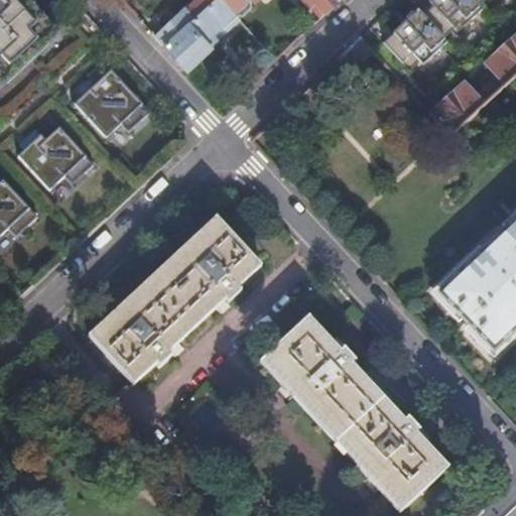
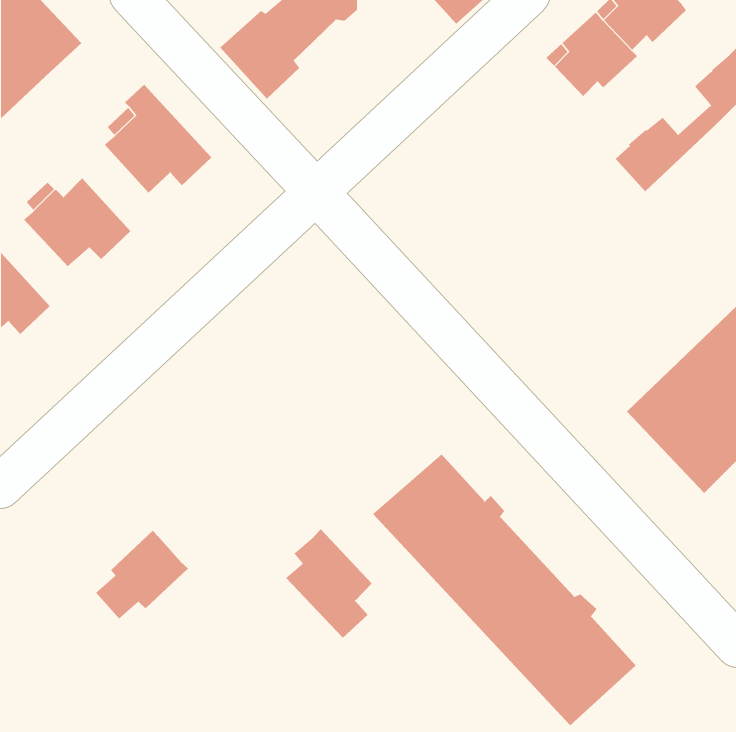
building: [89,214,260,380] -> none
building: none -> [285,528,372,638]
building: none -> [95,530,189,619]

